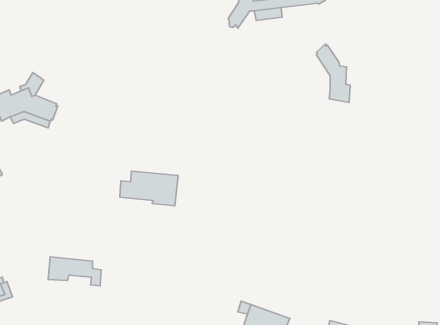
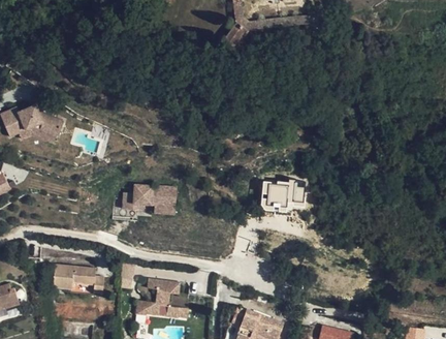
building: [316,44,350,102] -> none
building: none -> [260,180,304,211]
building: none -> [135,279,187,317]

